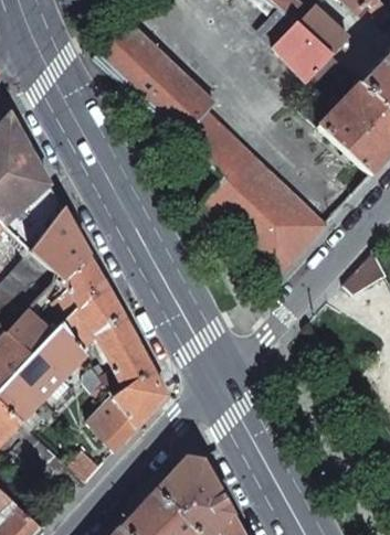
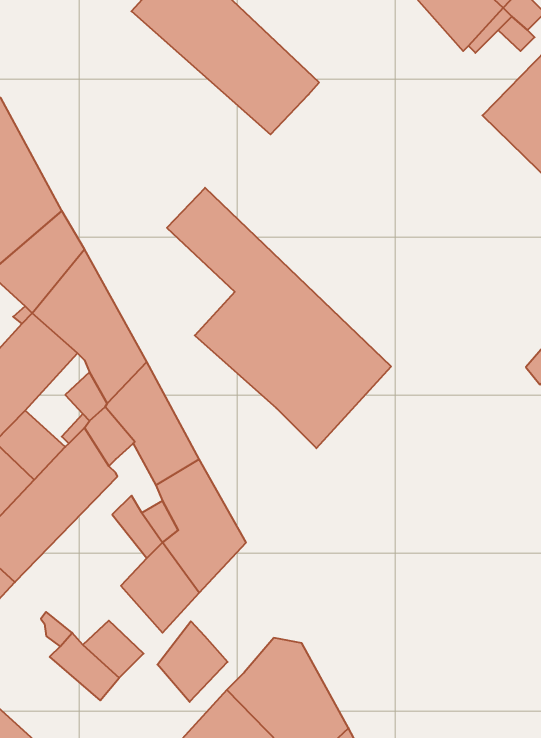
building: [183,110,326,276] -> [167,188,391,448]
building: none -> [157,621,228,702]

